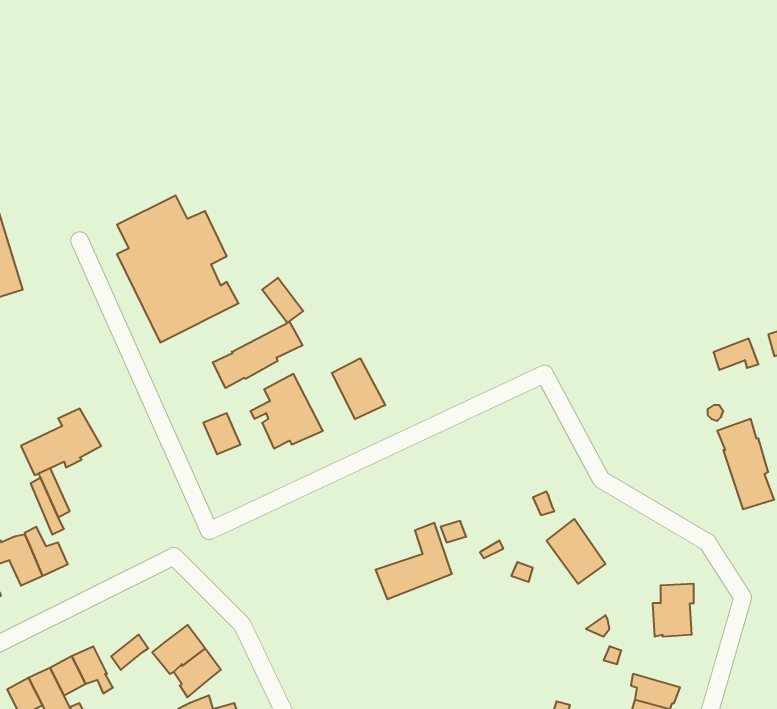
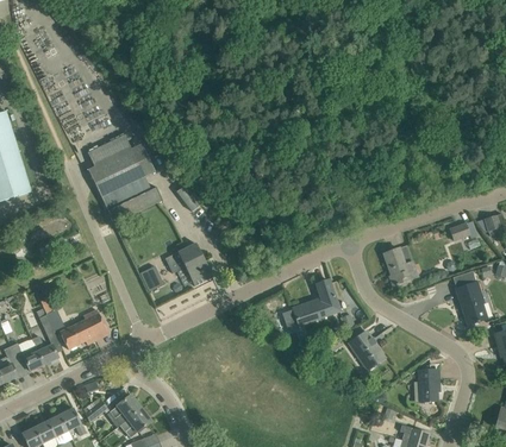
building: [213,322,302,388] -> none
building: [332,358,385,419] -> none
building: none -> [383,245,419,285]
building: [21,409,101,475] -> [60,309,108,350]
building: [375,523,452,599] -> [293,279,339,326]

